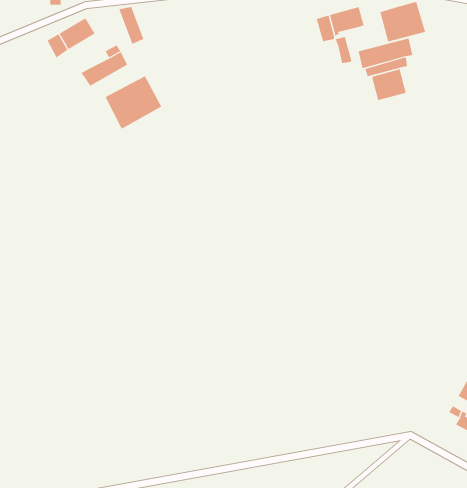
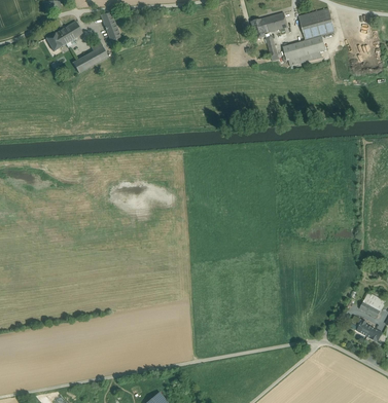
building: [371,68,407,101] -> none
building: [104,76,162,130] -> none

